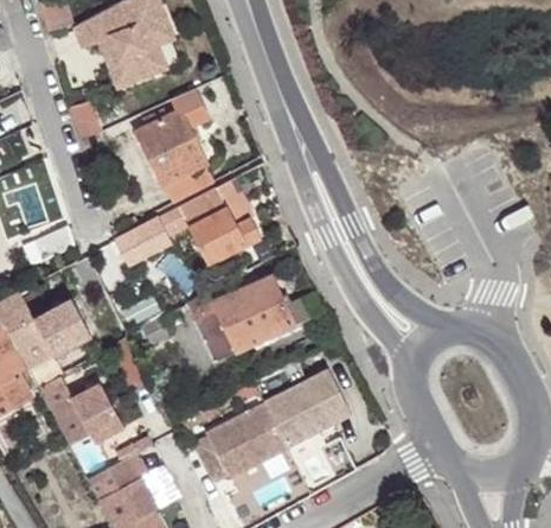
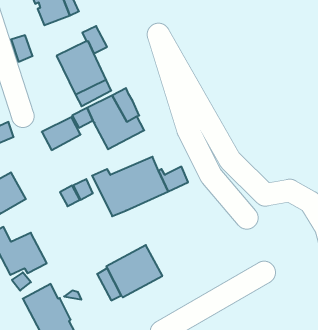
building: [263,368,351,446] -> none

